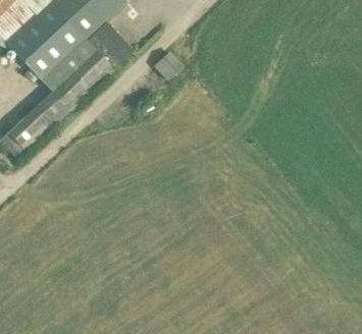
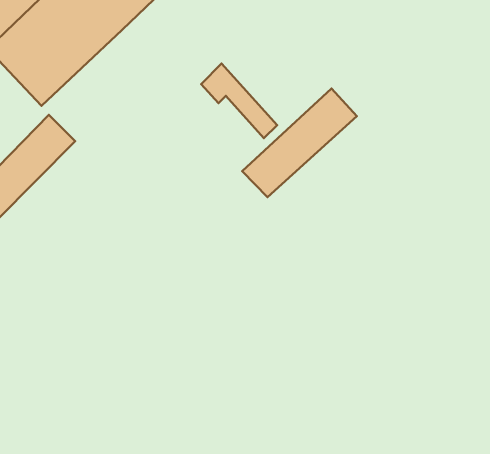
building: [44,25,134,109] -> none
building: none -> [242,89,357,197]

